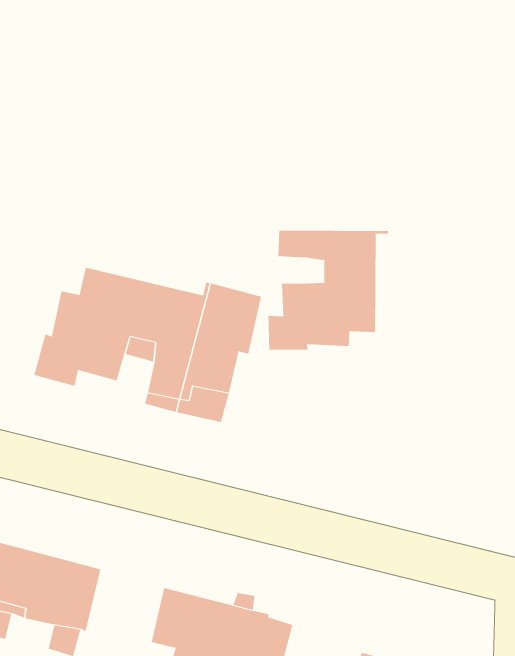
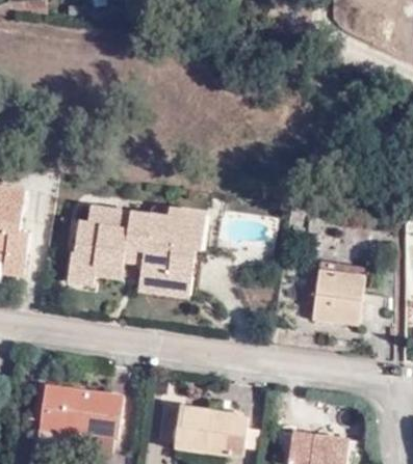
building: [268,230,389,350] -> none
building: none -> [312,271,364,324]

